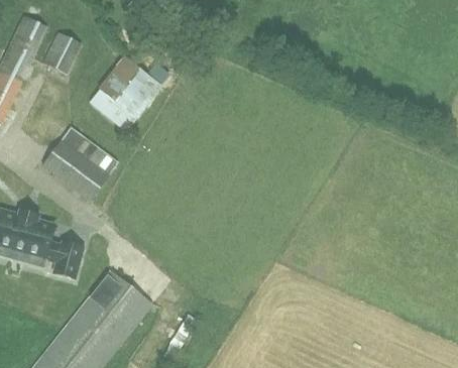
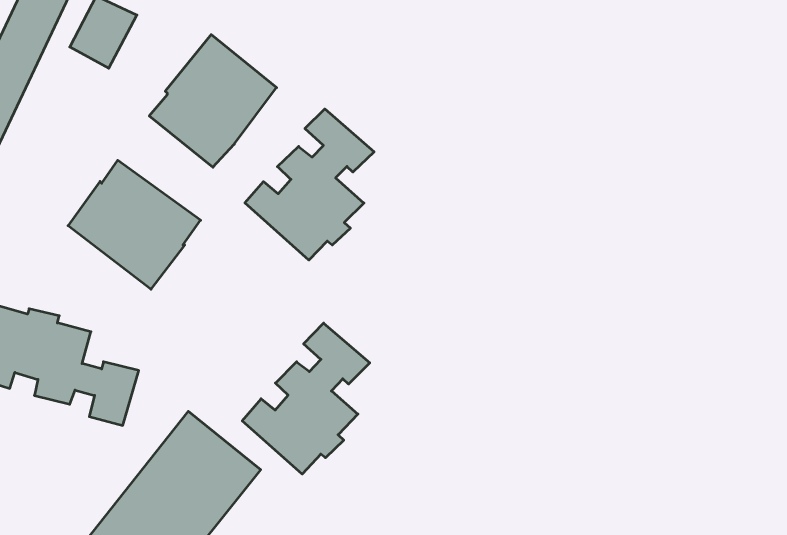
building: none -> [245,109,374,260]
building: none -> [242,323,370,474]

